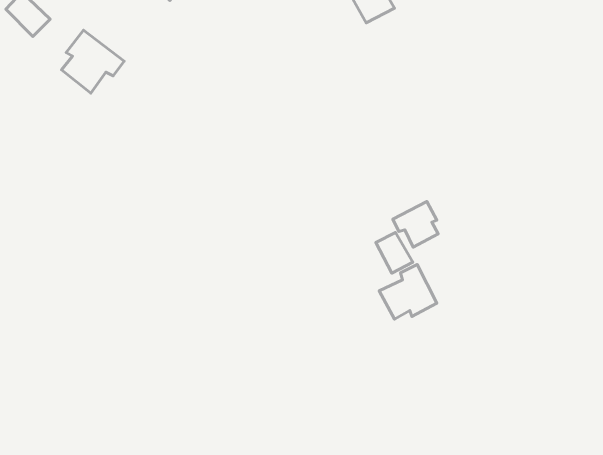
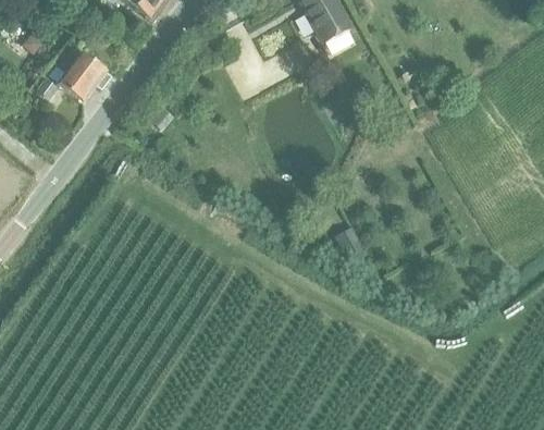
building: [393,202,438,247] -> none
building: [379,264,437,319] -> none

